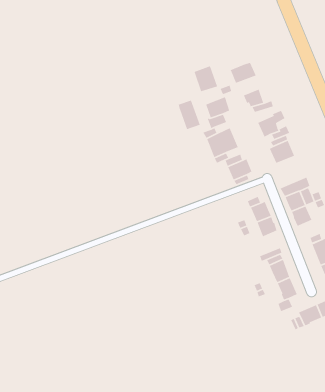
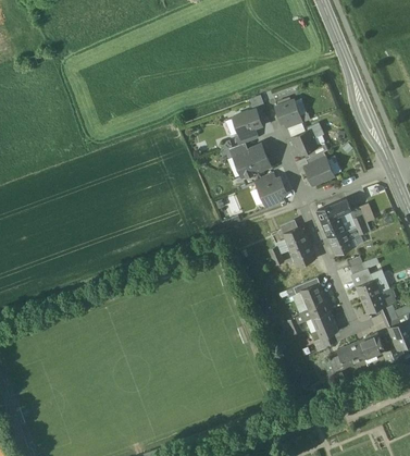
building: [229,62,257,84] -> none
building: [193,65,218,92] -> none
building: [178,100,201,130] -> none

